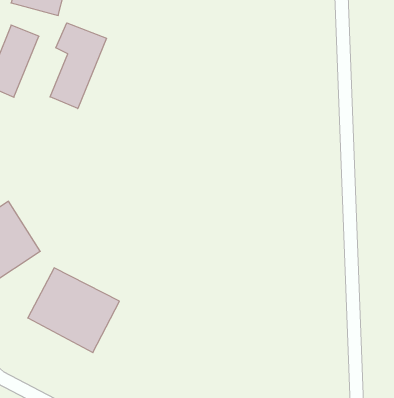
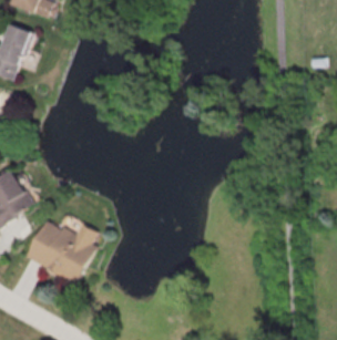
building: [50,23,107,109] -> none

